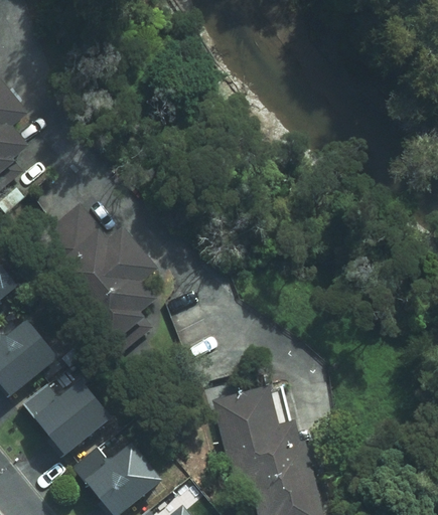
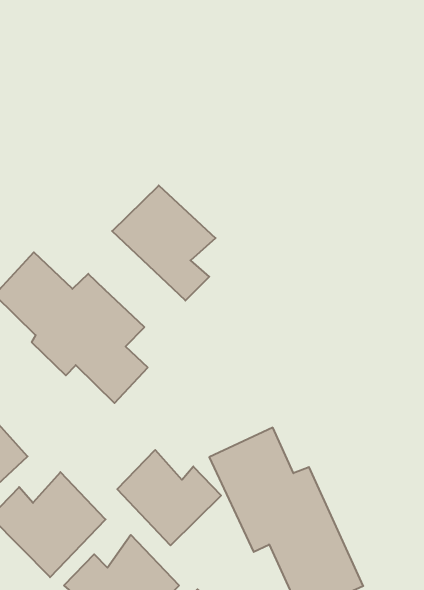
building: none -> [112,185,216,301]
building: none -> [117,450,221,545]

